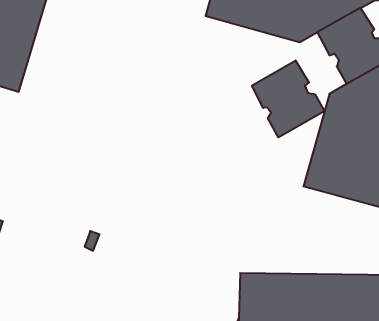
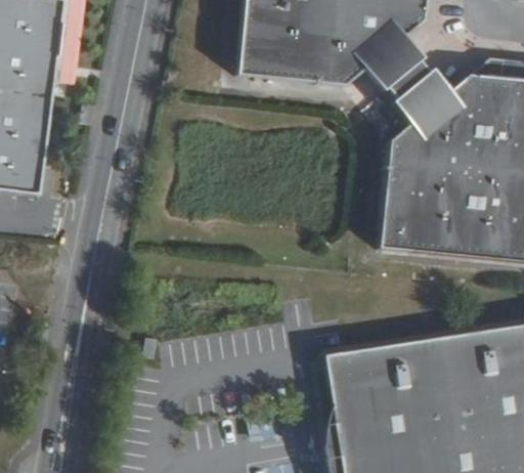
building: [252,60,324,137] -> none

